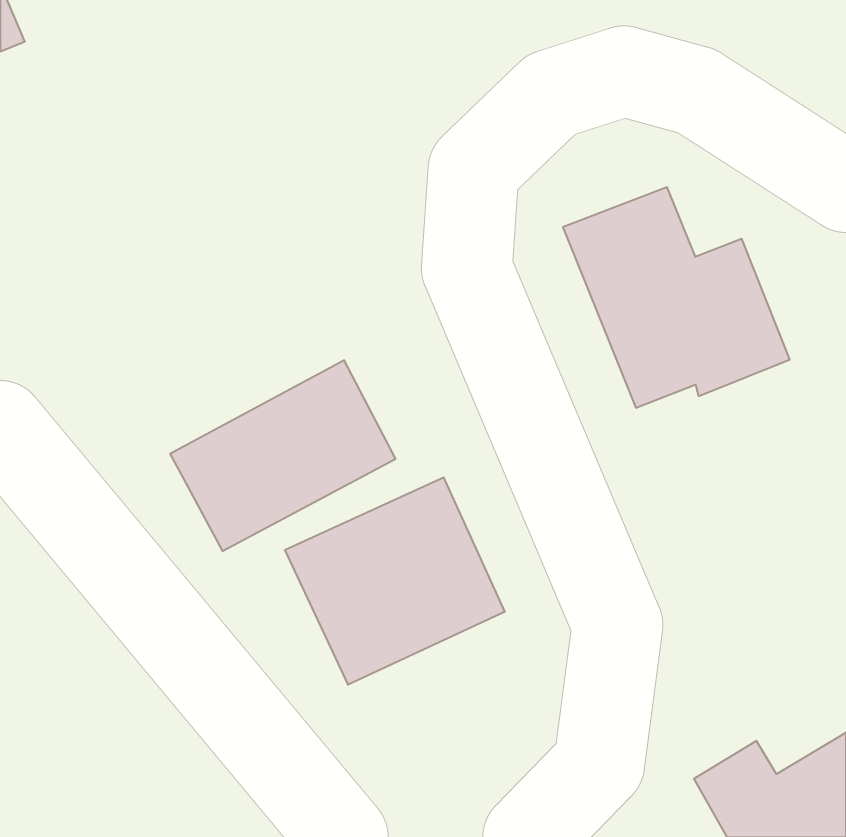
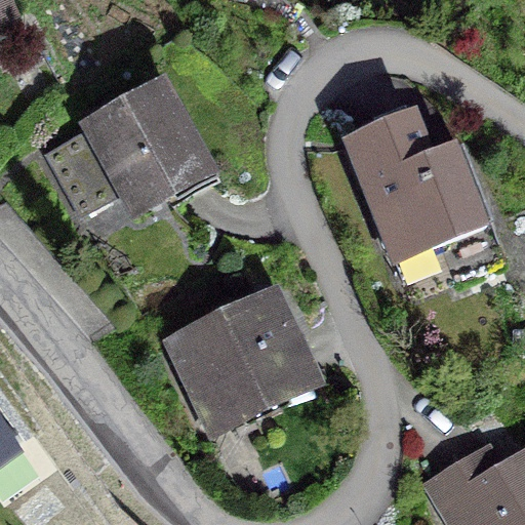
building: none -> [48,88,206,210]
building: [170,360,395,551] -> none

